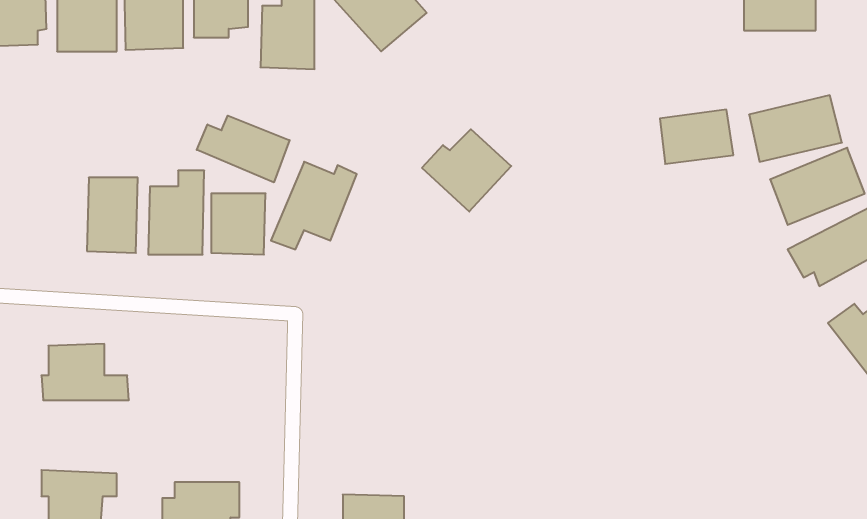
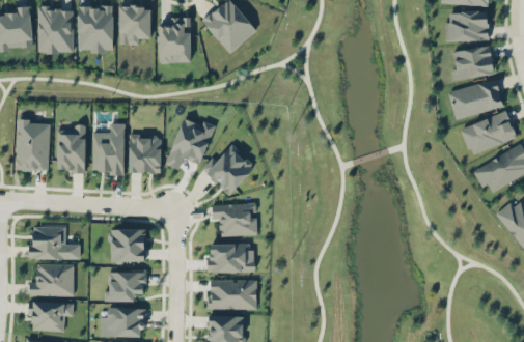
building: [660,110,733,164] -> [449,47,493,79]
building: [197,116,290,182] -> none
building: [422,129,511,212] -> [202,146,255,195]
building: none -> [16,119,50,171]
building: none -> [213,203,257,236]
building: none -> [111,229,145,262]
building: none -> [209,244,254,273]
building: none -> [30,263,75,296]
building: none -> [105,272,145,301]
building: none -> [210,279,257,309]

